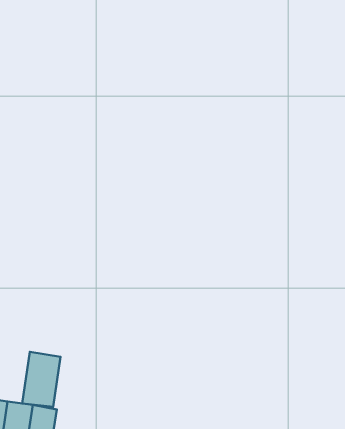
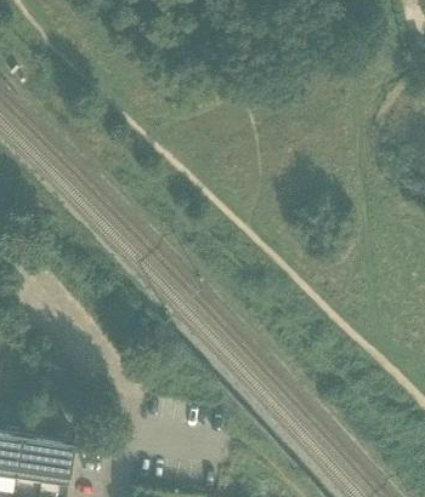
building: [22,352,60,407] -> none

